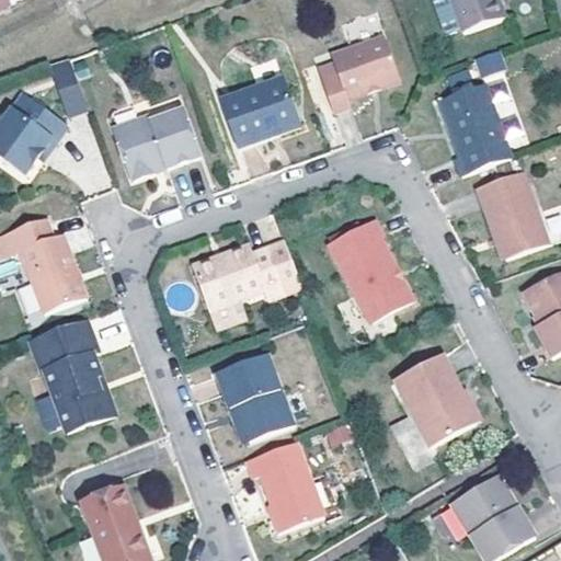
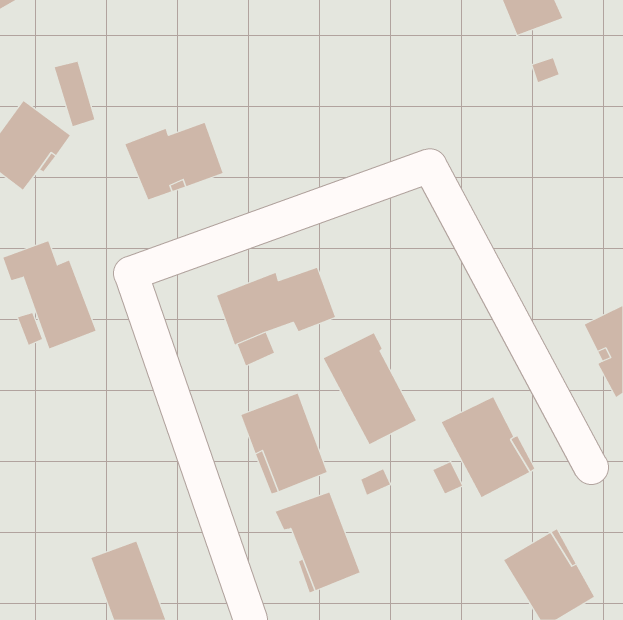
building: [318,35,400,112] -> none
building: [219,78,298,148] -> none
building: [443,84,511,174] -> none
building: [478,171,547,259] -> none
building: [329,221,413,322] -> [323,333,417,445]
building: [30,320,115,433] -> none

